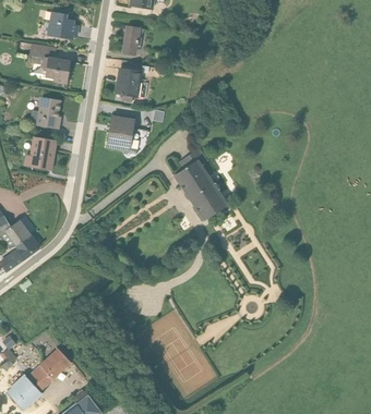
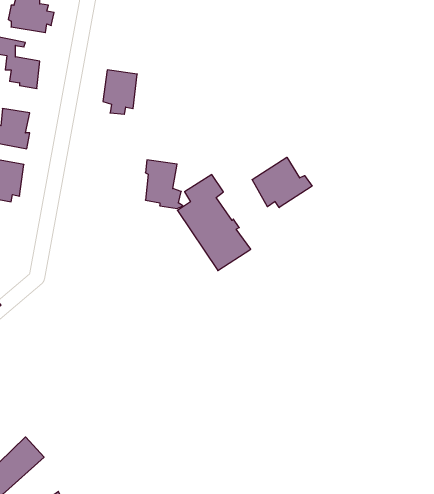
building: [121,25,143,54] -> none
building: [110,117,139,154] -> [145,160,183,209]
building: none -> [252,157,312,208]

